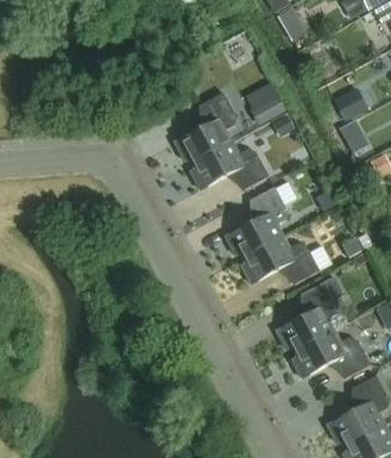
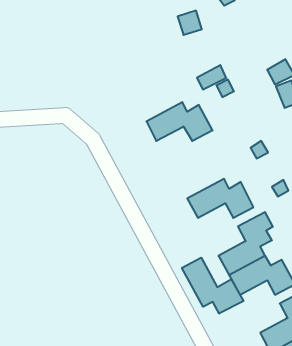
building: [175,92,239,165] -> none
building: [226,186,290,259] -> none
building: none -> [182,258,243,314]

